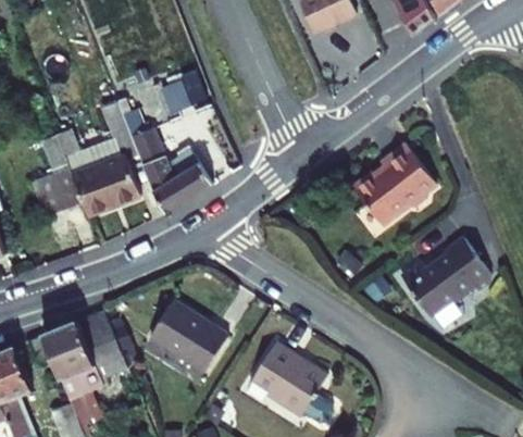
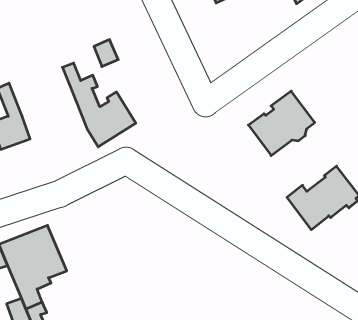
building: [55,100,140,215] -> none
building: [150,300,228,372] -> none
building: [246,341,333,422] -> none

